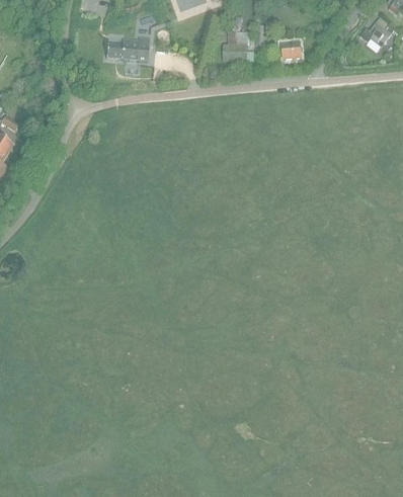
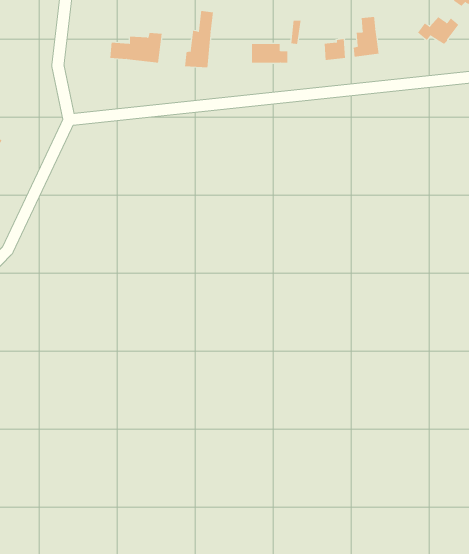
building: none -> [185,10,213,68]
building: none -> [353,16,379,58]

